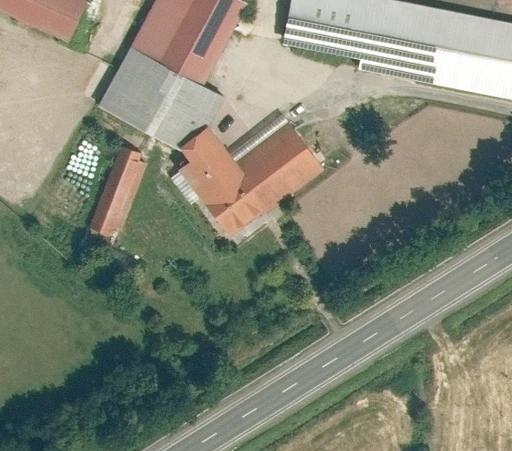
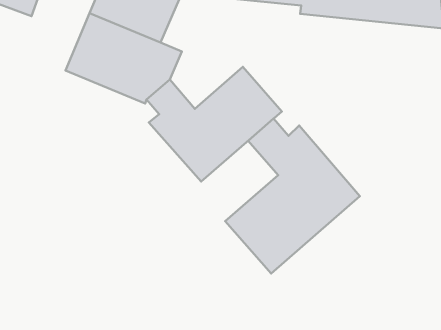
building: [86,145,147,236] -> none
building: none -> [225,119,360,274]

